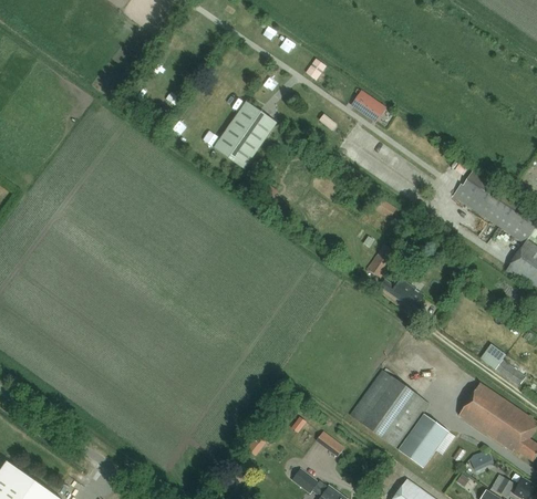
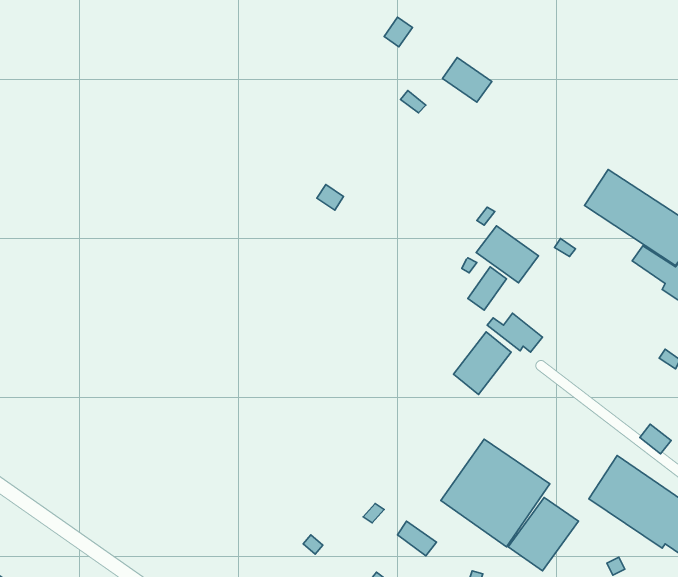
building: [214,102,277,169] -> none
building: none -> [476,226,539,283]
building: none -> [453,332,511,395]

